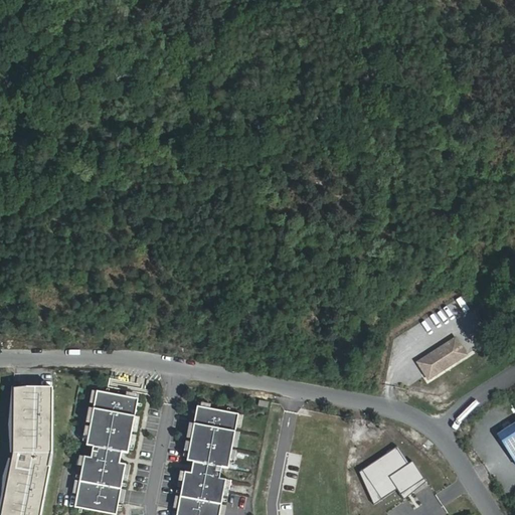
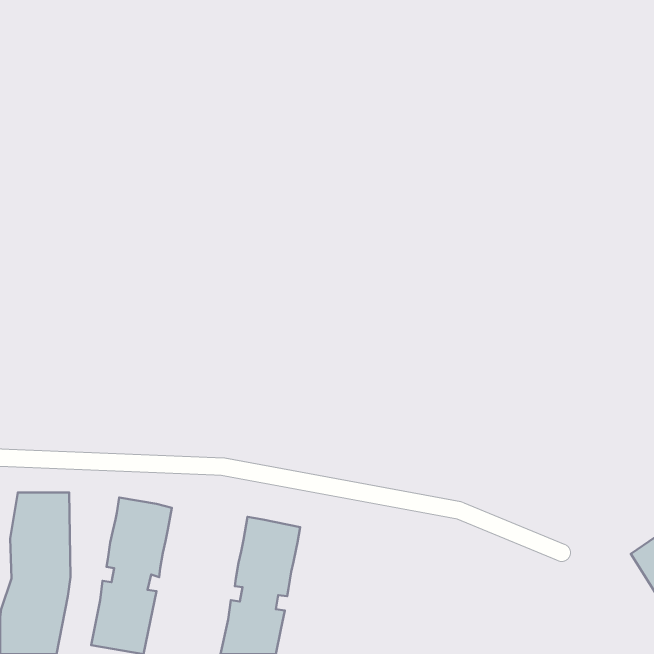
building: [417,337,466,377] -> none
building: [360,447,427,503] -> none

